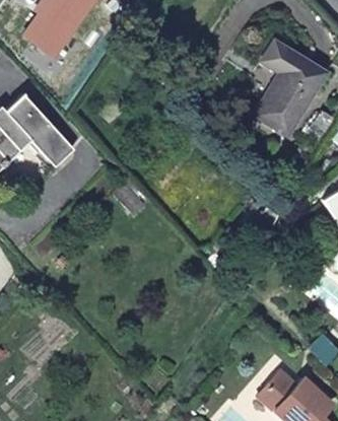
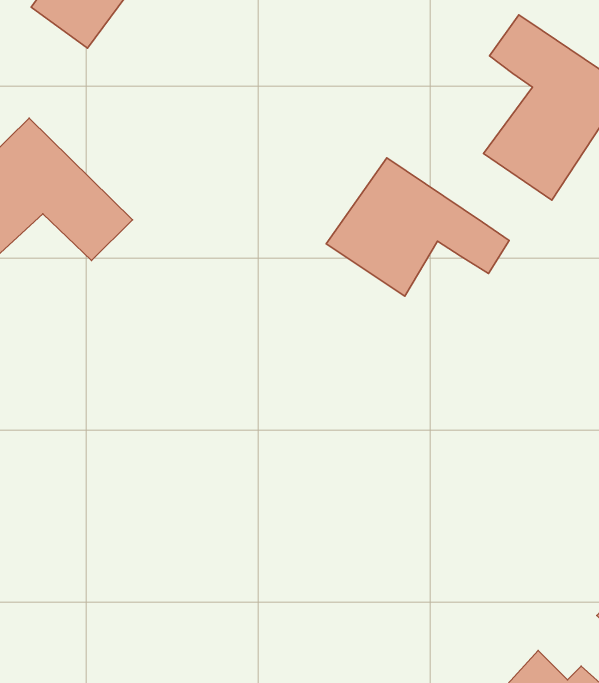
building: none -> [326,158,509,296]

